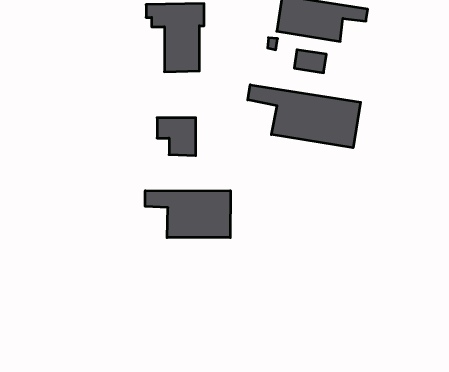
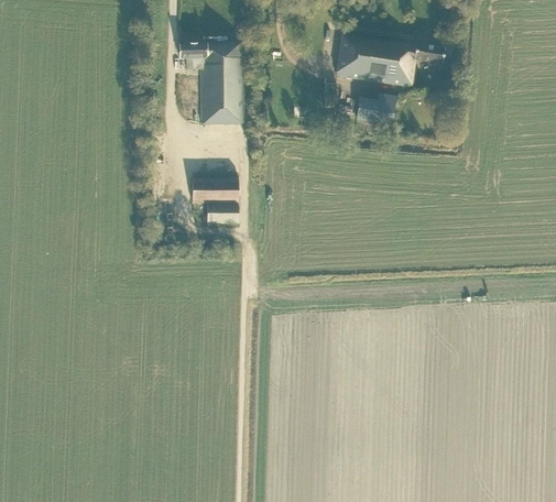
building: [248,85,361,148] -> none
building: [145,191,230,238] -> none

